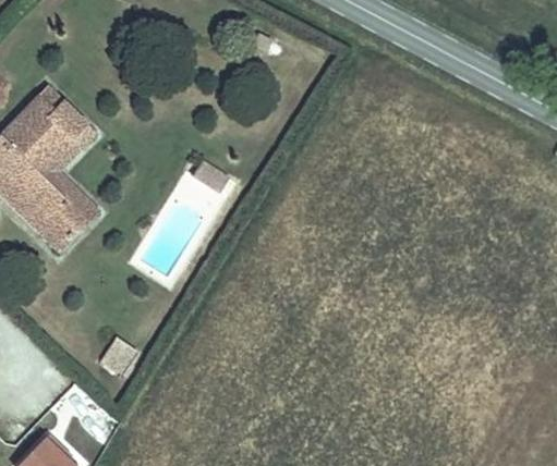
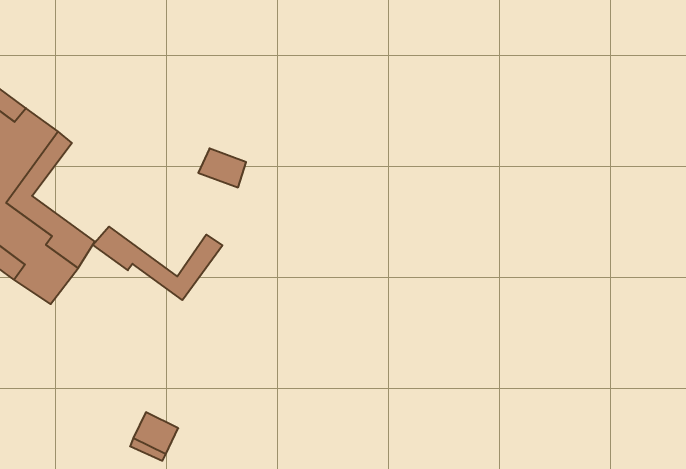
building: none -> [93,227,222,300]

